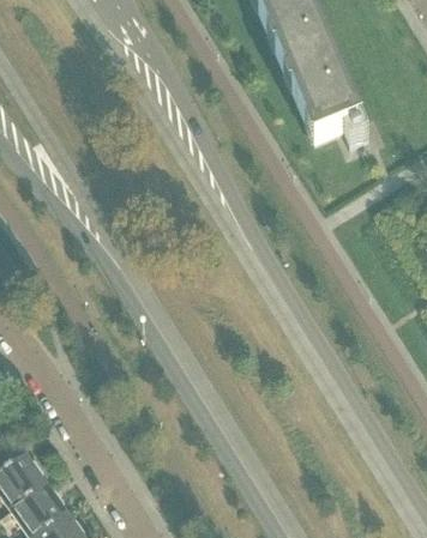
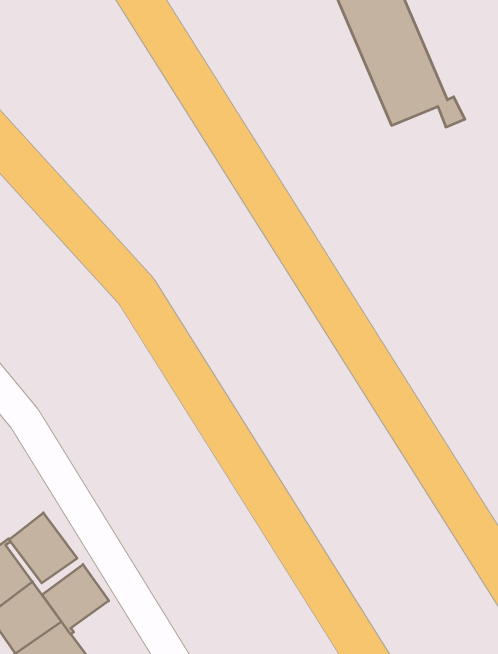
building: none -> [9,513,77,583]
building: none -> [42,564,109,634]

